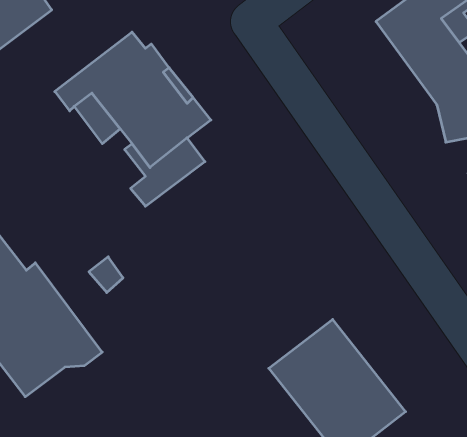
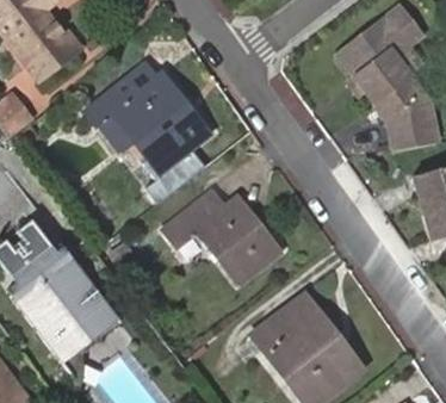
building: none -> [163,192,277,284]

